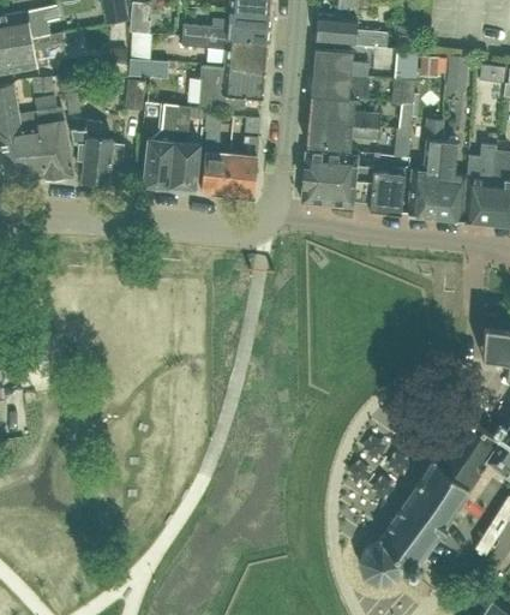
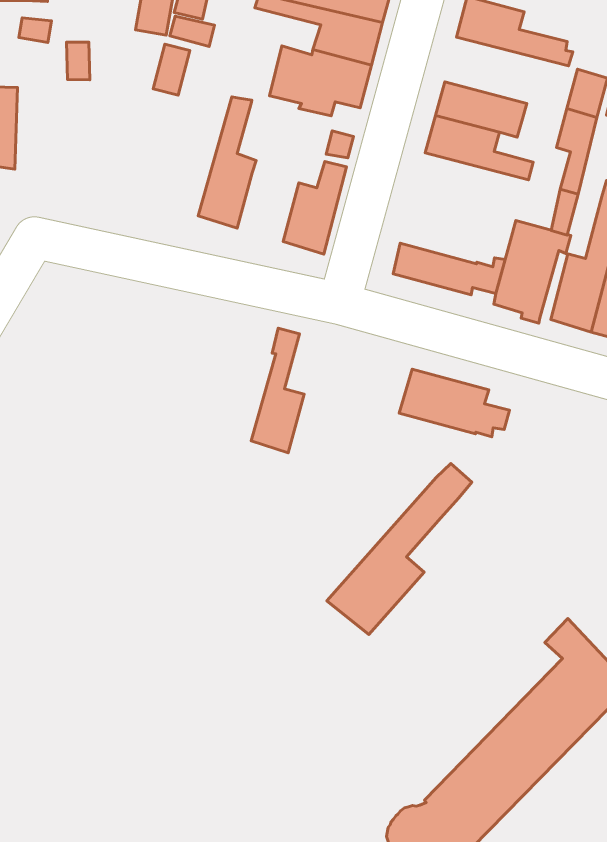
building: [313,49,370,78] -> none
building: [143,105,178,187] -> none
building: [37,108,73,178] -> none
building: [202,115,230,195] -> [251,328,304,453]
building: [71,120,122,180] -> none
building: [306,121,378,150] -> none
building: [302,153,373,187] -> [399,369,509,437]
building: none -> [327,464,472,635]

